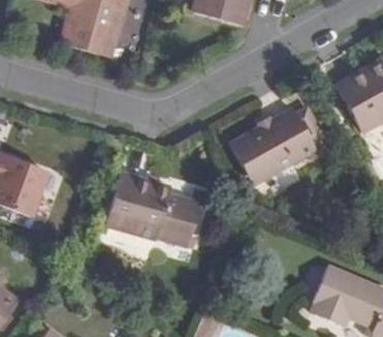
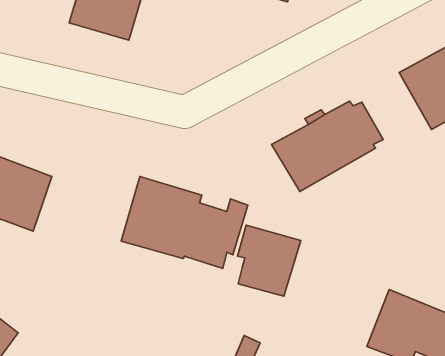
building: none -> [238,225,301,296]

